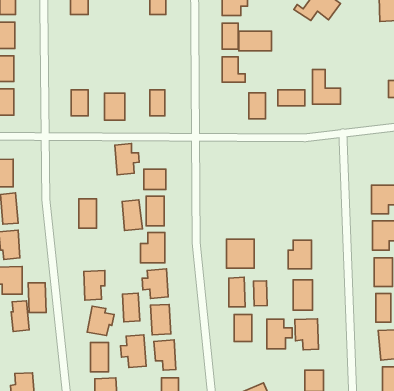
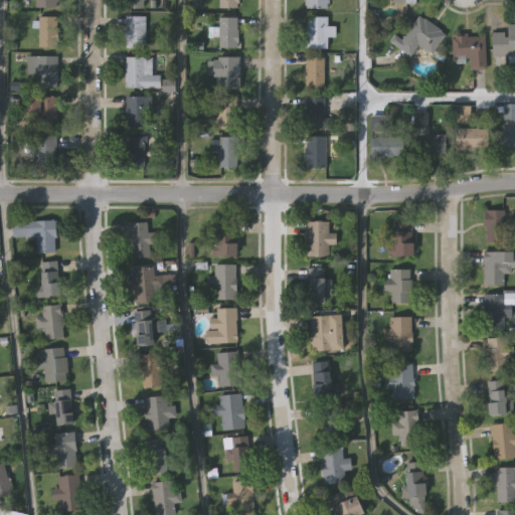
building: none -> [453,37,485,70]
building: none -> [125,57,160,89]
building: none -> [212,57,239,87]
building: [239,31,271,51] -> none
building: none -> [215,98,237,130]
building: none -> [456,129,489,150]
building: [249,93,266,119] -> [305,138,325,169]
building: [105,93,125,120] -> [125,98,149,130]
building: [115,143,139,175] -> [127,222,156,260]
building: none -> [484,211,504,242]
building: none -> [306,221,337,258]
building: none -> [388,222,412,256]
building: none -> [308,268,329,304]
building: [122,200,142,230] -> [134,310,158,346]
building: none -> [385,270,410,304]
building: [253,281,267,306] -> none
building: [28,283,46,312] -> [55,433,76,468]
building: [122,293,140,322] -> none
building: [267,319,292,349] -> [321,448,351,483]
building: [121,335,146,368] -> none

